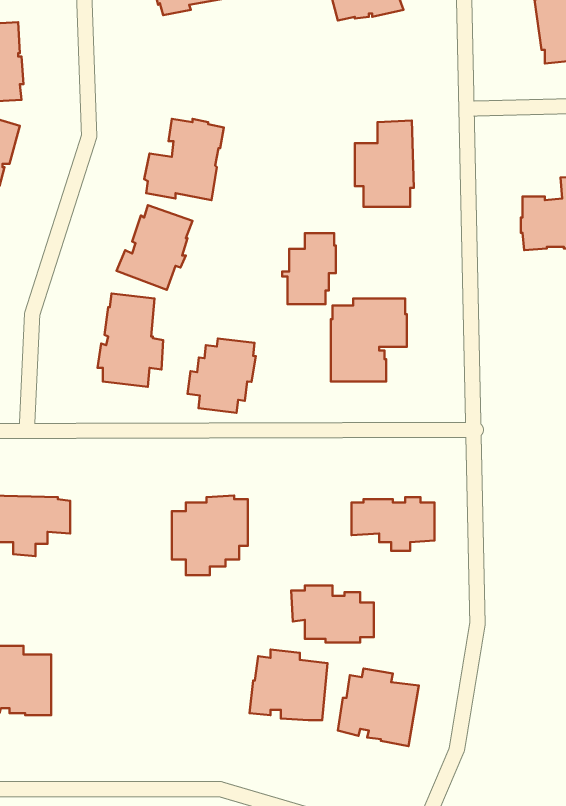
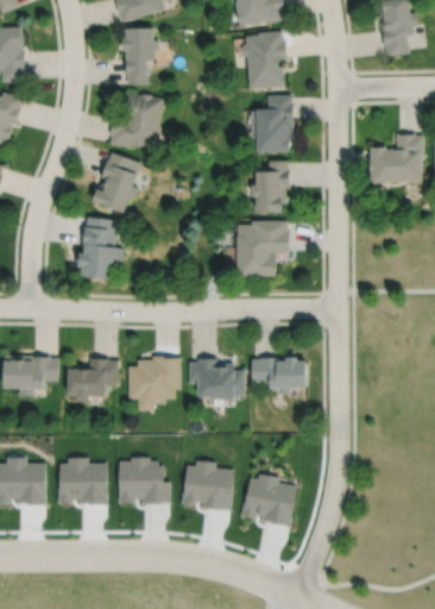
building: none -> [122,30,158,87]
building: none -> [241,32,288,92]
building: [282,233,336,304] -> [253,163,290,212]
building: [188,338,256,413] -> none
building: none -> [67,357,118,401]
building: [291,585,374,642] -> [188,358,245,397]
building: none -> [58,457,106,503]
building: none -> [118,457,169,504]

